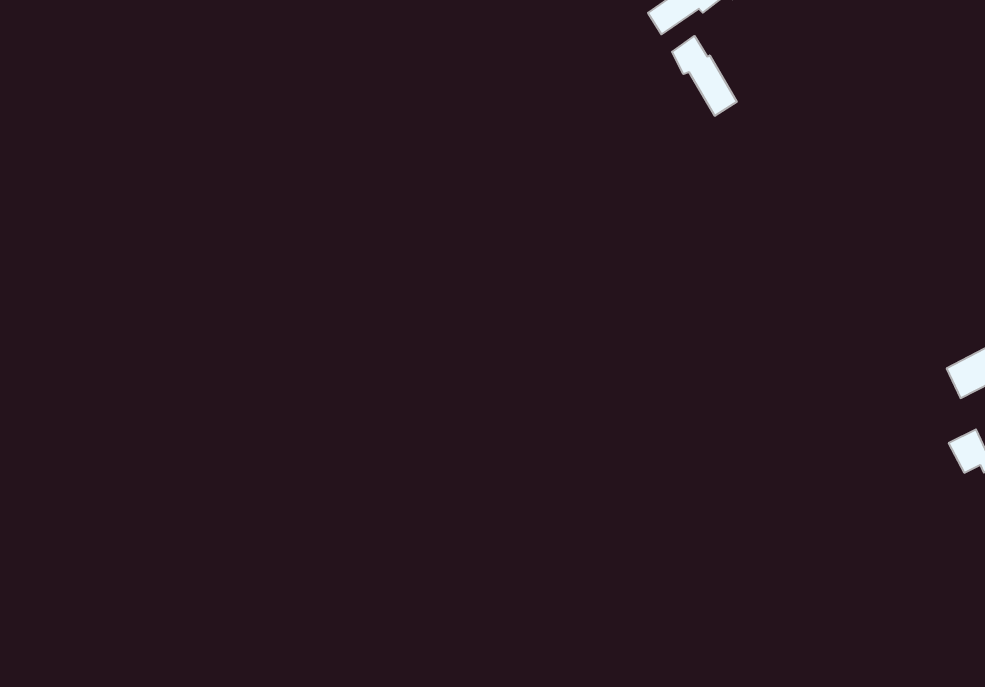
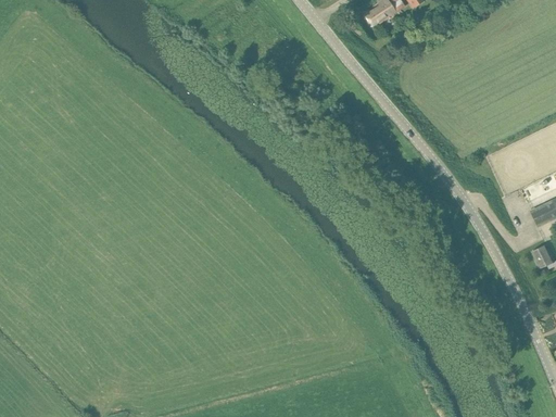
building: [672,36,737,116] -> none

